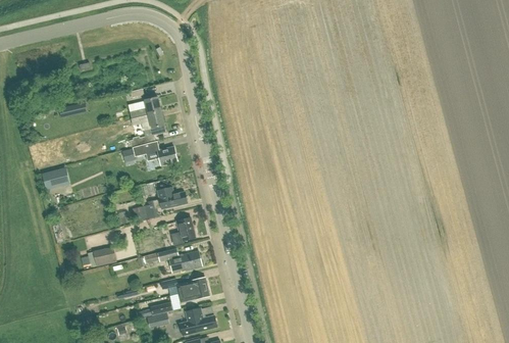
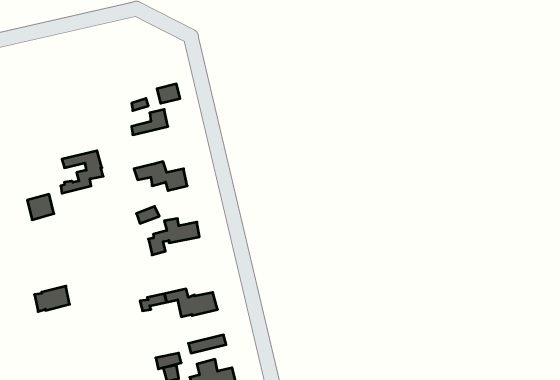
building: [130,111,165,147] -> [61,151,103,193]
building: [171,217,195,244] -> none
building: [87,246,116,267] -> [34,286,70,312]
building: [160,278,207,294] -> none

